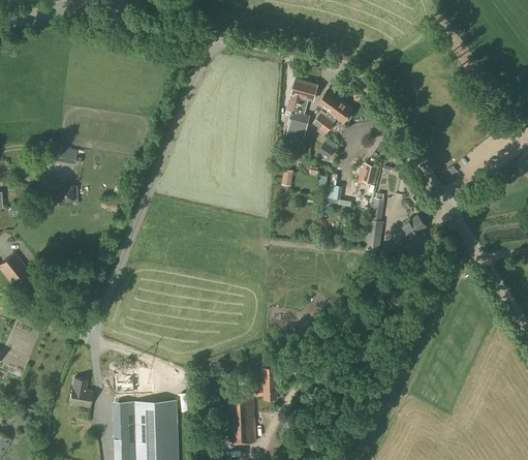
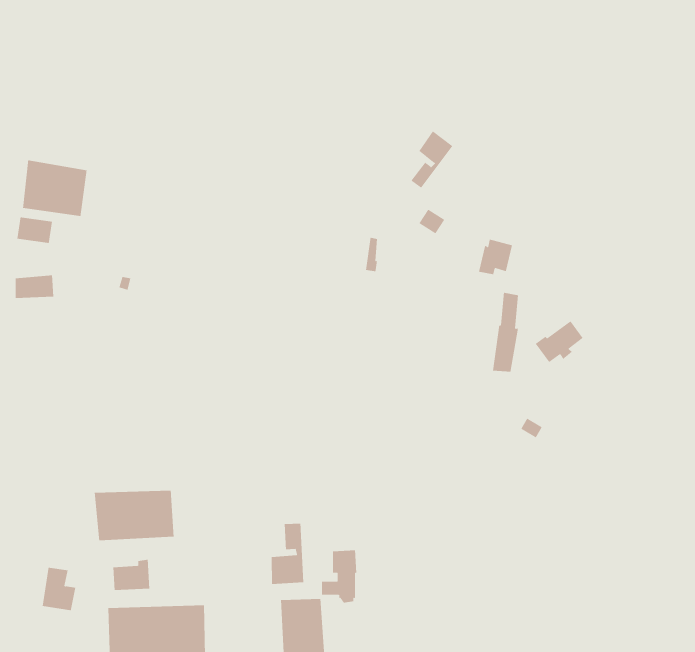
building: [286,79,318,140] -> none
building: [320,100,354,133] -> none
building: none -> [23,160,87,217]
building: none -> [94,490,174,541]
building: none -> [271,523,304,585]

